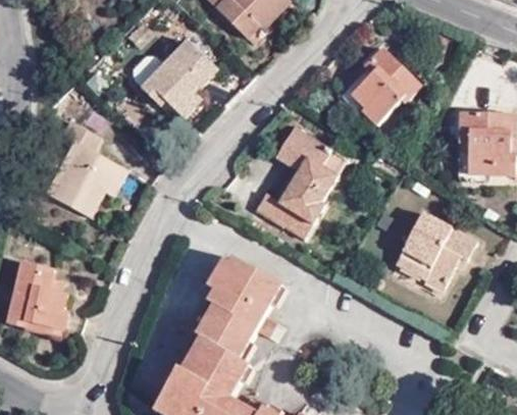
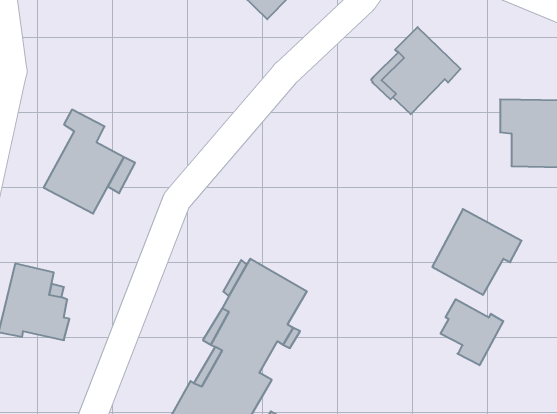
building: [132,40,218,119] -> none
building: [255,126,348,240] -> none
building: none -> [441,299,503,365]

